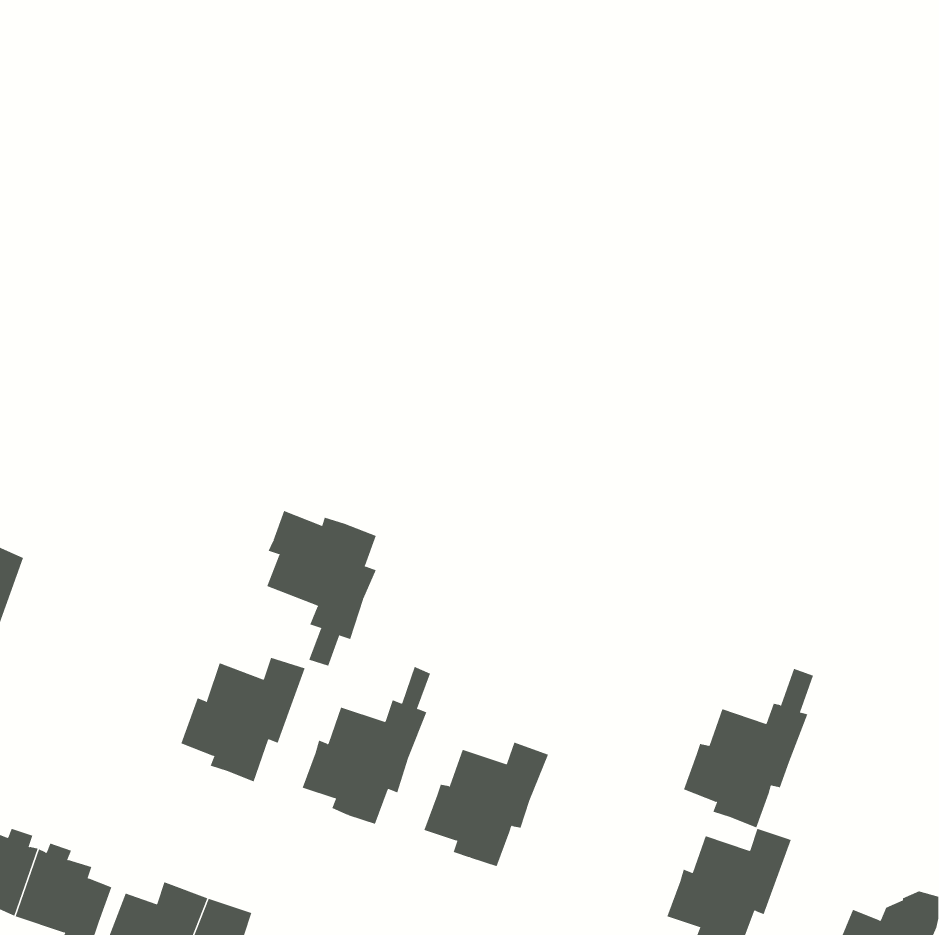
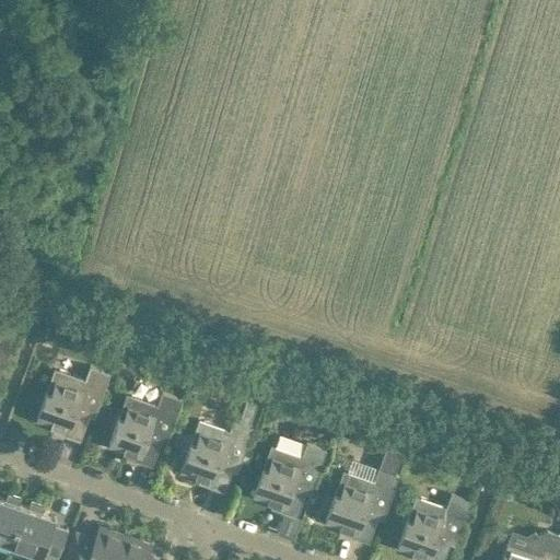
building: [267,510,376,666] -> none
building: none -> [35,368,109,442]
building: [683,668,814,828] -> [324,450,401,545]

